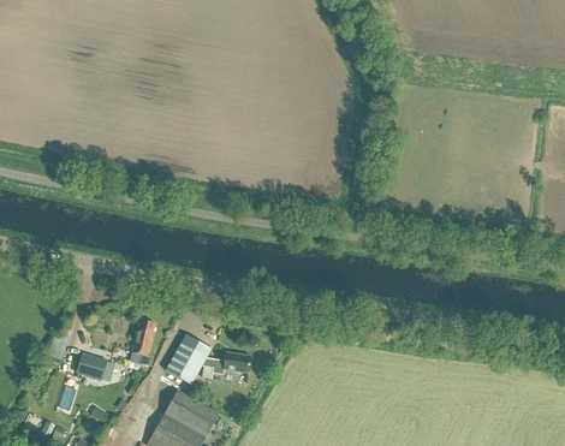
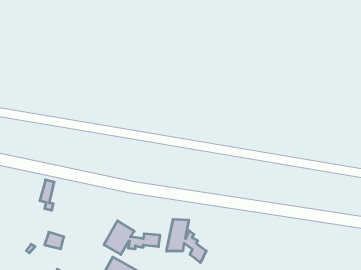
building: [132,320,154,365] -> [40,180,54,210]
building: none -> [167,219,206,263]

